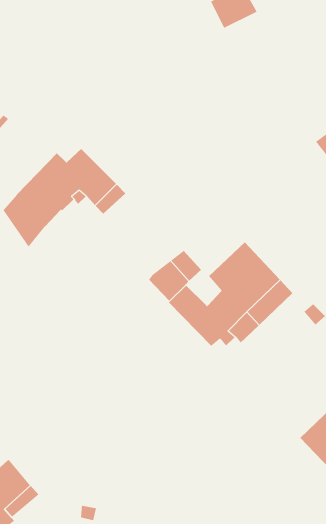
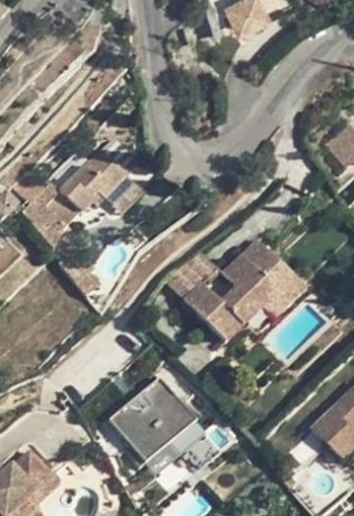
building: none -> [111,378,203,468]

